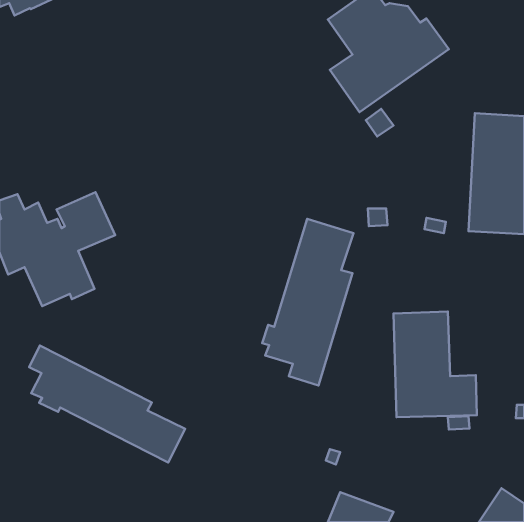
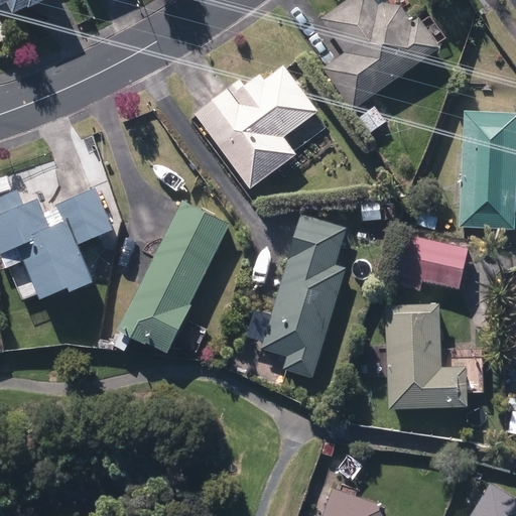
building: none -> [196,67,325,189]
building: none -> [112,203,226,355]
building: none -> [394,235,469,290]
building: [29,345,185,462] -> none

